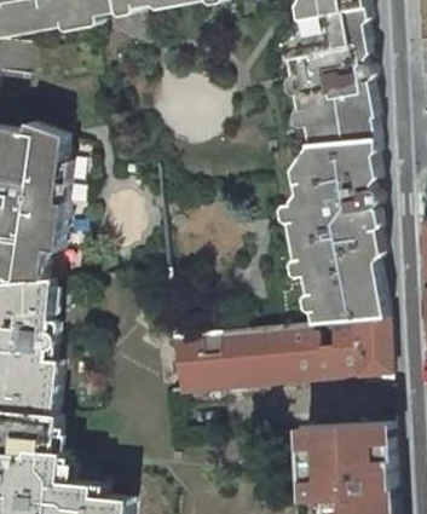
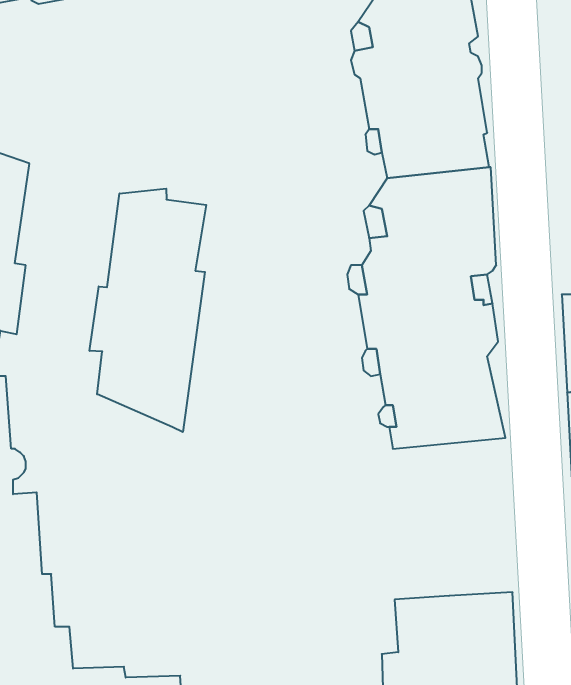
building: none -> [90,189,206,432]
building: [166,319,382,393] -> none

